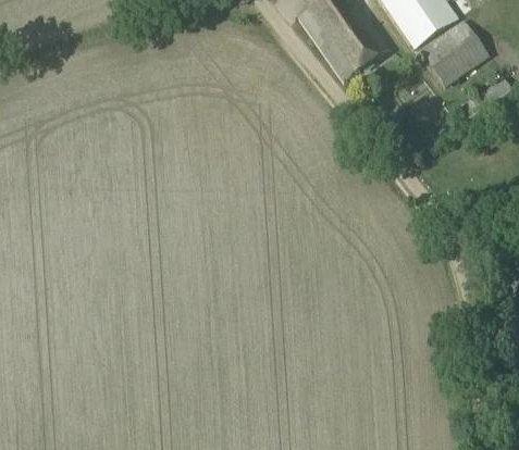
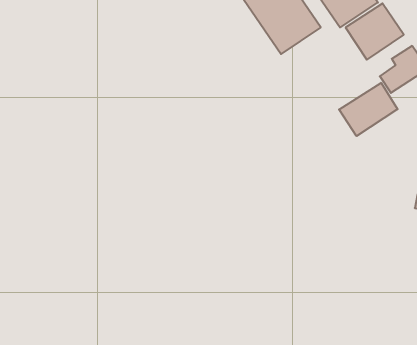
building: none -> [339,83,398,136]

